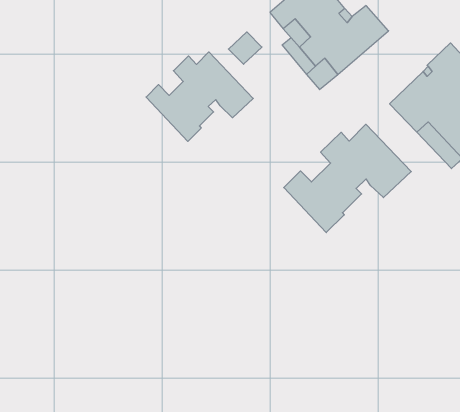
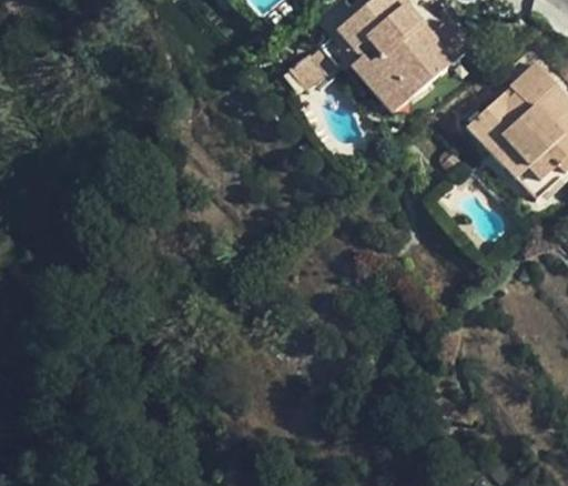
building: [146,52,253,141] -> none
building: [284,124,411,233] -> none

